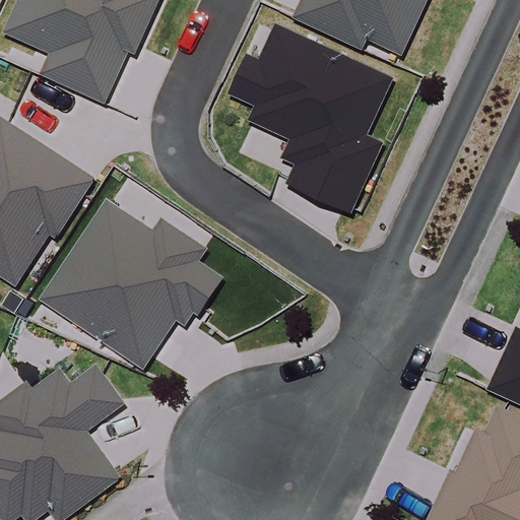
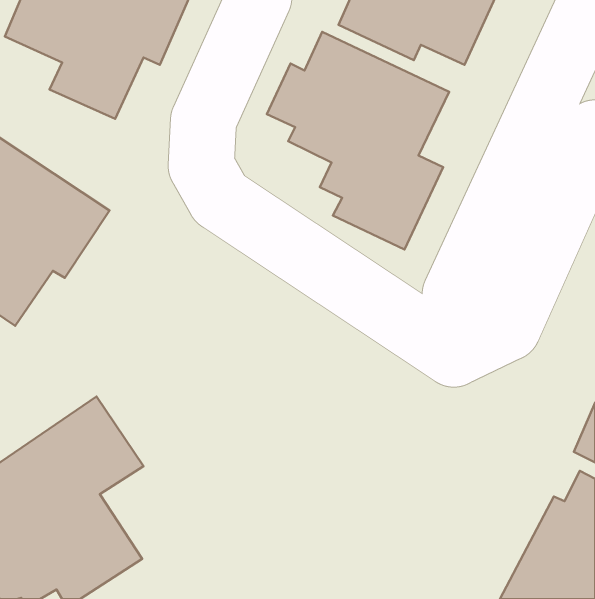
building: [40,201,224,367] -> none

